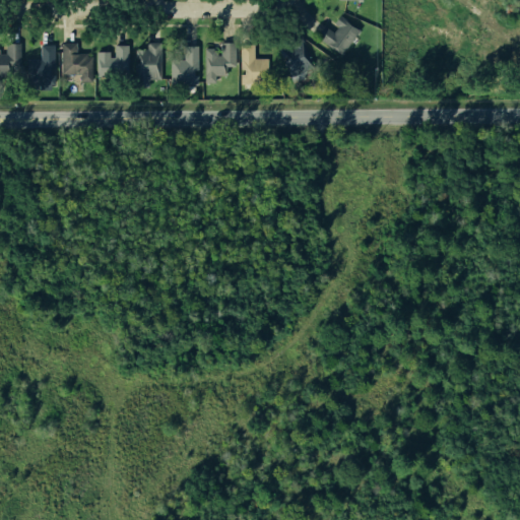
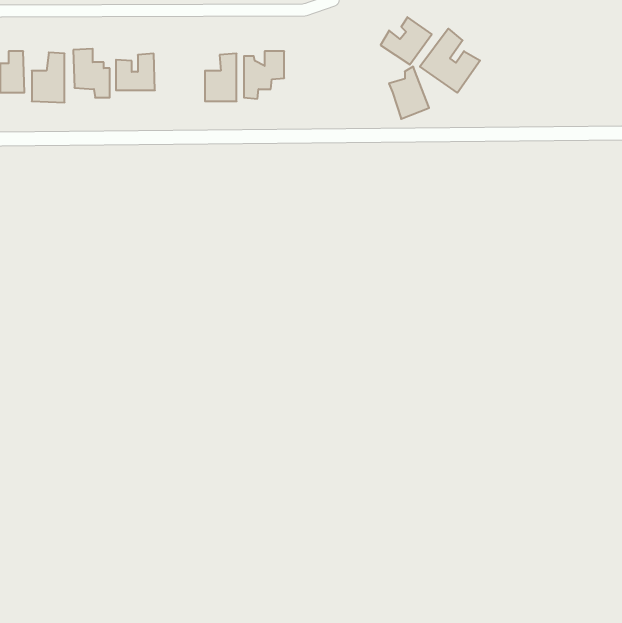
building: none -> [420,29,480,93]
building: [280,32,314,76] -> [389,67,429,119]
building: [136,41,162,86] -> none
building: [241,44,261,83] -> none

